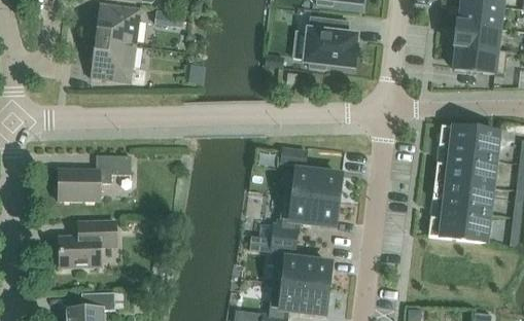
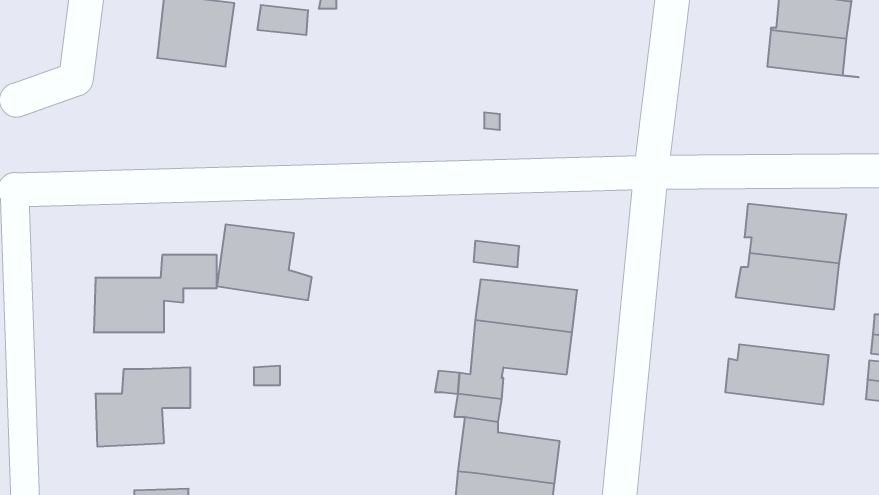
building: [293,17,357,70] -> none
building: [91,40,146,84] -> [217,224,312,300]
building: [453,45,506,75] -> none
building: [432,180,492,214] -> none

